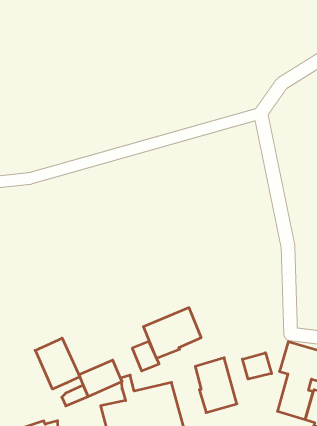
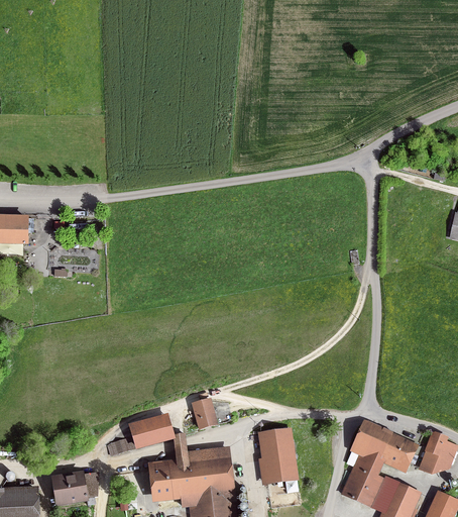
building: [143,308,201,359] -> none
building: [35,338,80,389] -> none
building: [242,353,272,379] -> none

